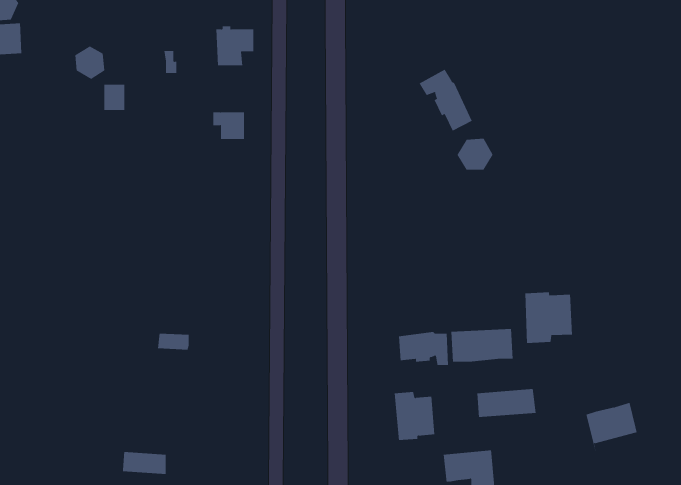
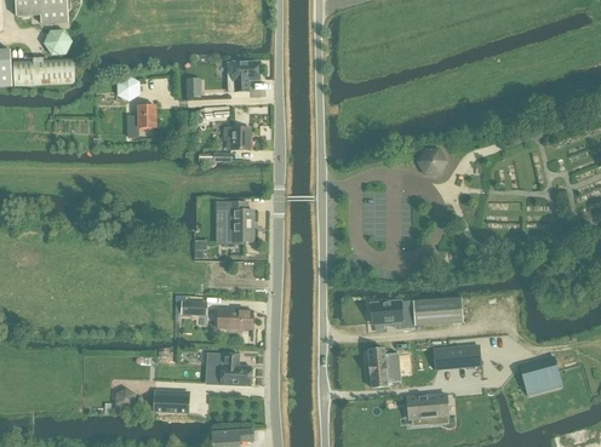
building: [419,69,473,131] -> none
building: none -> [216,201,253,241]
building: [525,291,573,344] -> none
building: none -> [217,308,252,328]
building: none -> [206,353,250,385]

